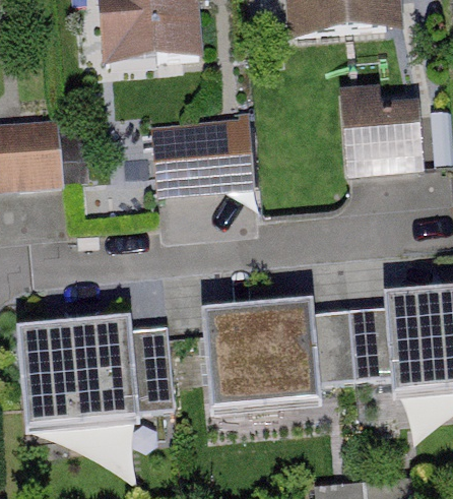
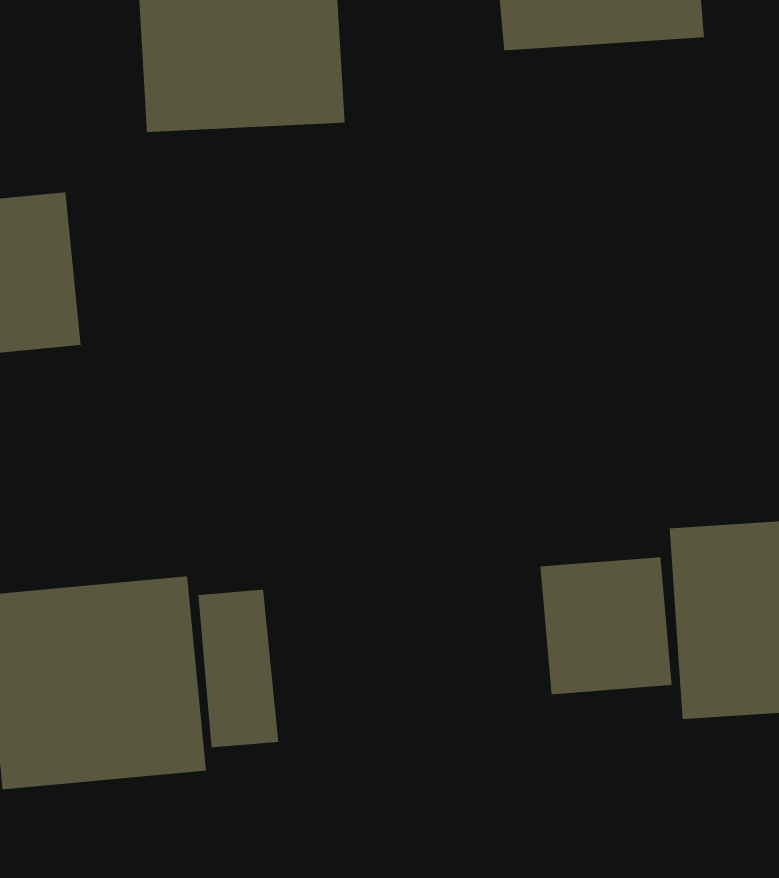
building: [341,88,429,174] -> none
building: [152,115,256,195] -> none
building: [199,302,317,401] -> none

